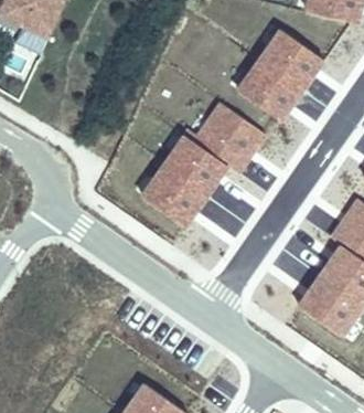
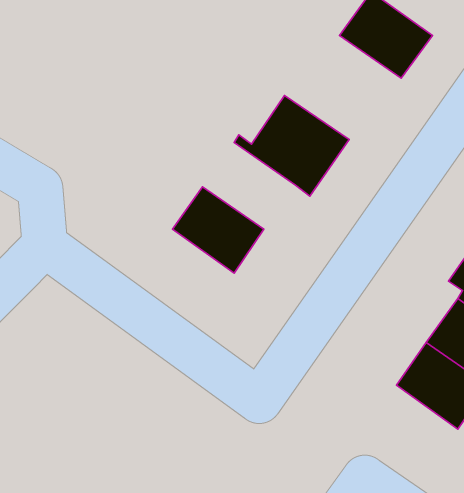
building: [237,61,301,121] -> none
building: [162,136,227,197] -> none

